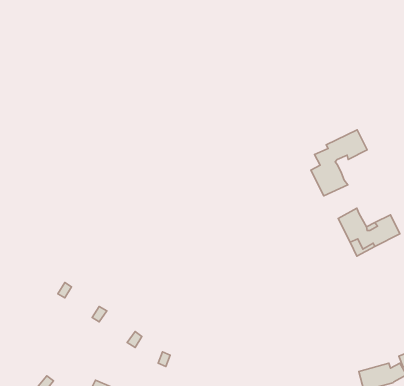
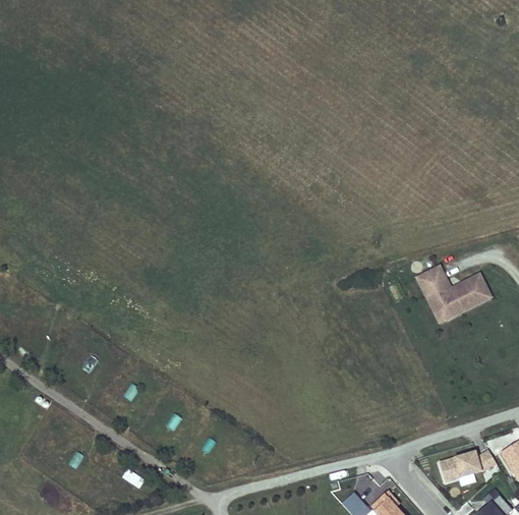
building: [311,130,367,196] -> none

